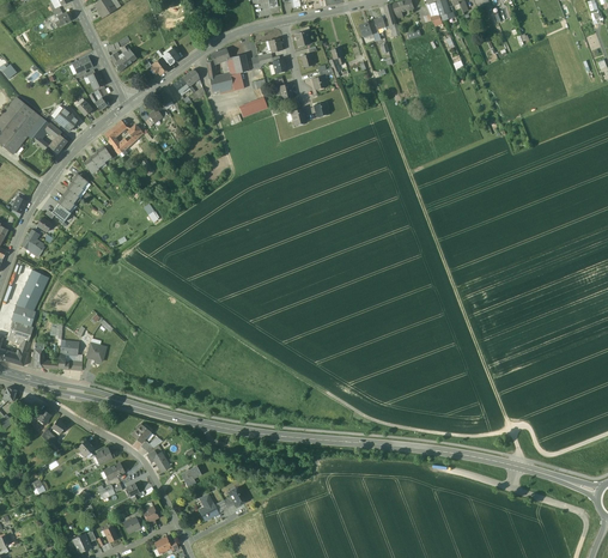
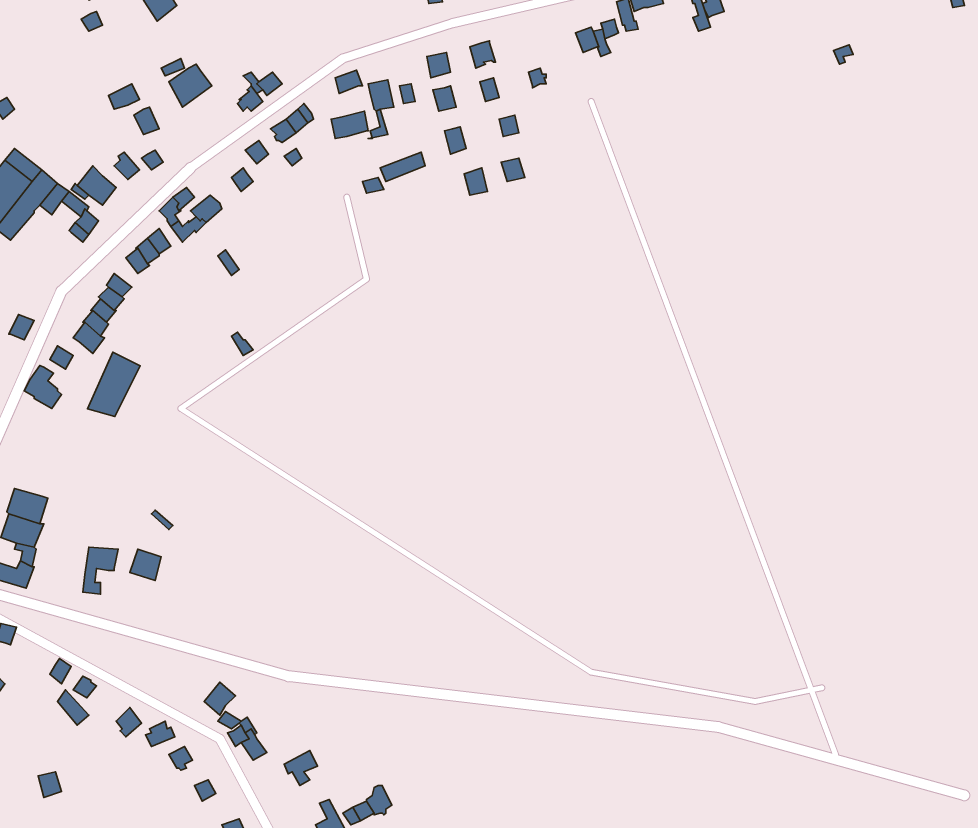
building: [16,269,48,309] -> [88,352,140,417]

